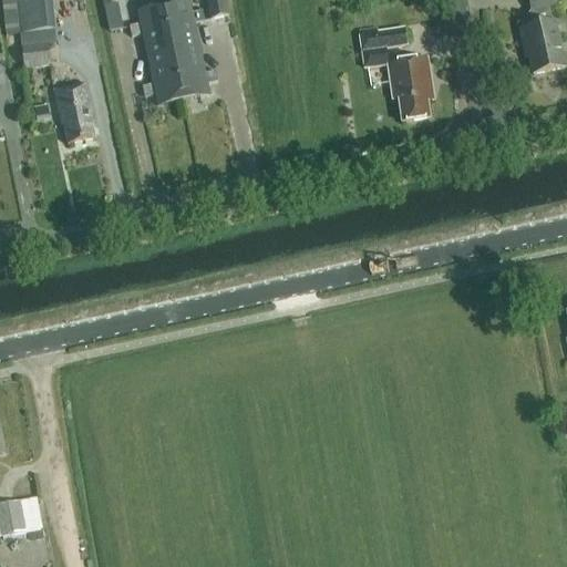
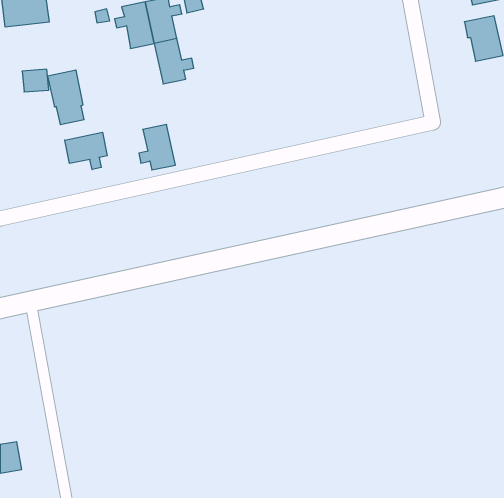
building: [359,21,431,117] -> none
building: [22,38,52,63] -> [22,69,49,92]
building: [143,49,184,100] -> [139,125,175,170]
building: none -> [65,132,107,170]

